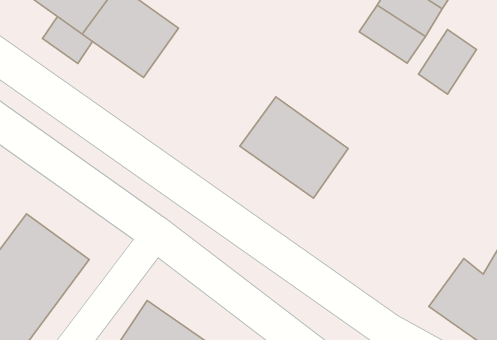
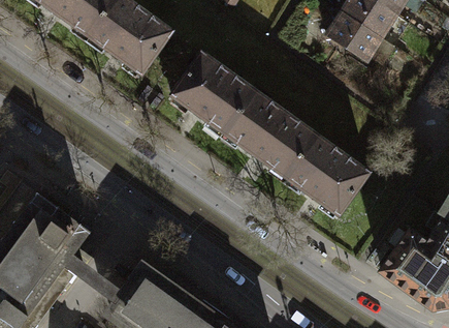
building: [43,17,93,63] -> none
building: [419,30,477,94] -> none
building: none -> [169,54,253,133]
building: none -> [285,136,367,215]

